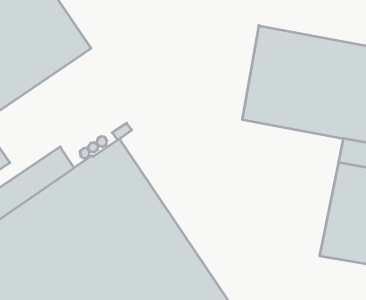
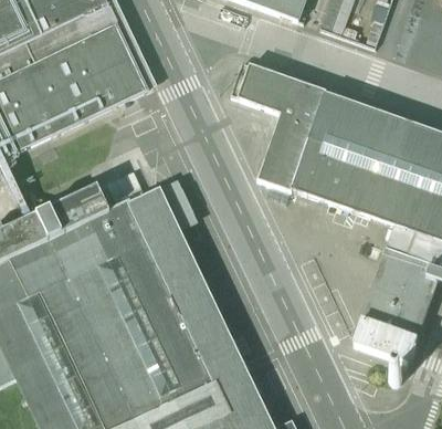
building: none -> [231,60,327,189]

